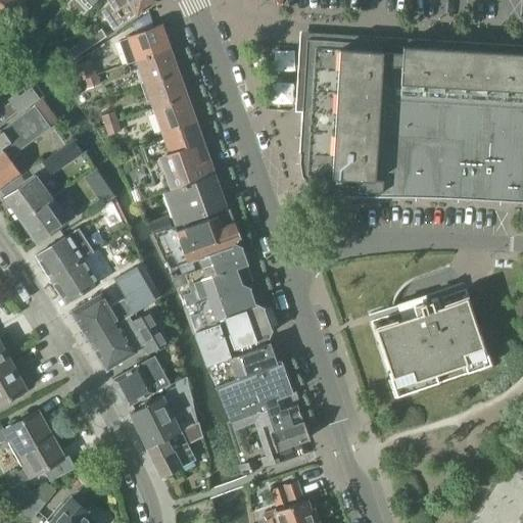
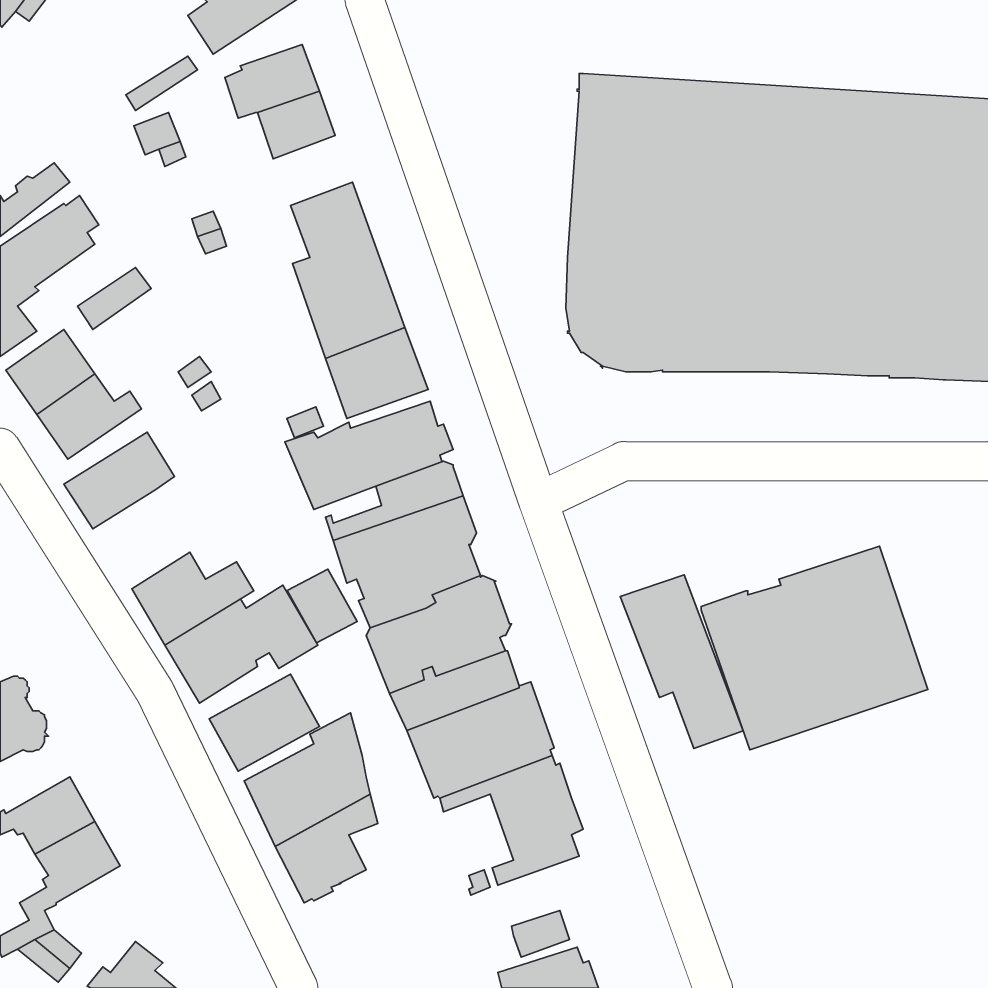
building: [145,72,187,108] -> none
building: [50,258,98,302] -> none
building: [117,263,154,301] -> [287,569,357,643]
building: none -> [620,575,743,748]

